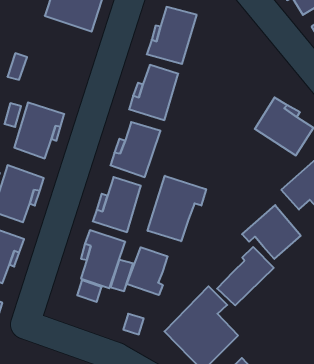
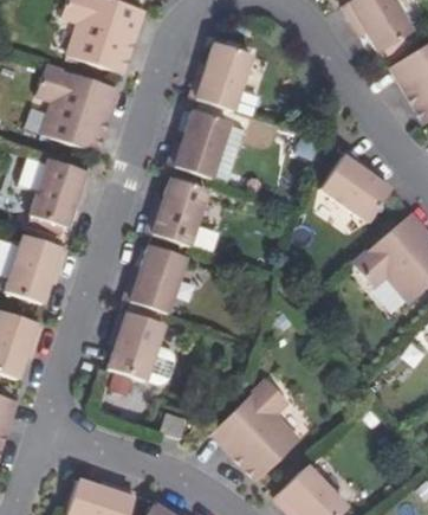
building: none -> [37,65,118,152]
building: [148,176,206,241] -> none
building: [242,205,301,259] -> none
building: [217,247,274,305] -> none
building: [127,247,168,295] -> none

